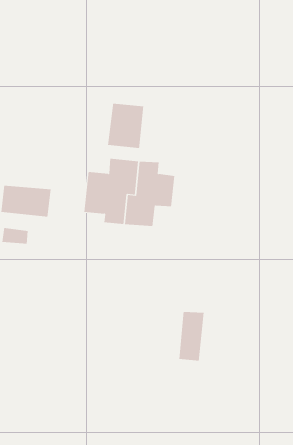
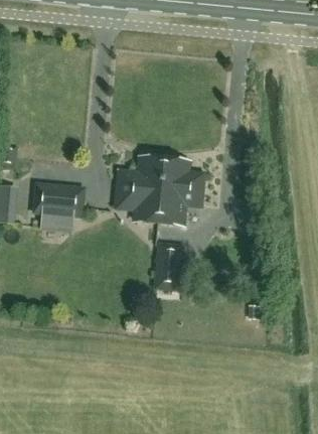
building: [107,103,144,149] -> none
building: [179,311,205,361] -> [156,238,181,286]

